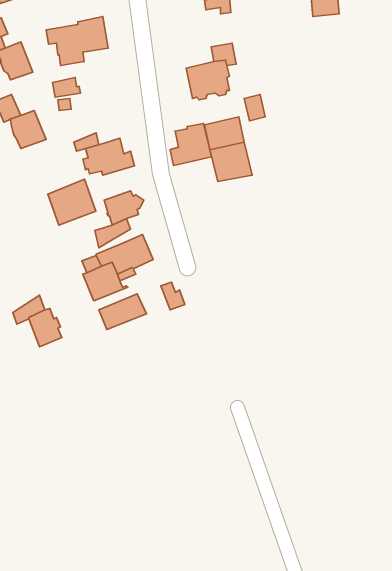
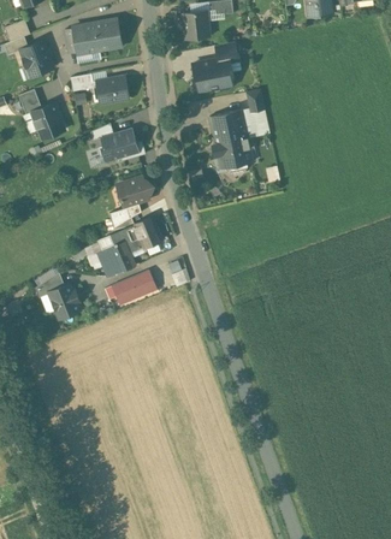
building: none -> [182,11,208,40]
building: none -> [94,76,129,105]
building: [170,124,211,166] -> none
building: [48,179,96,225] -> none

